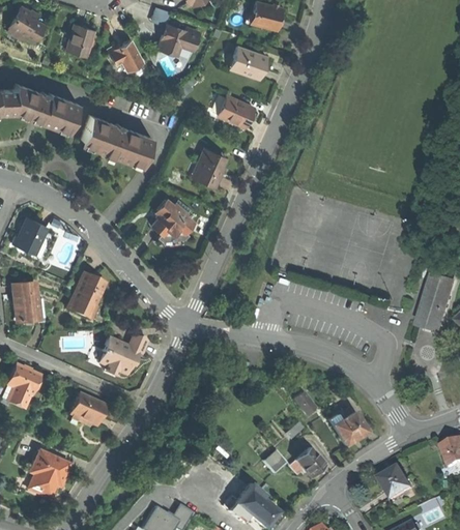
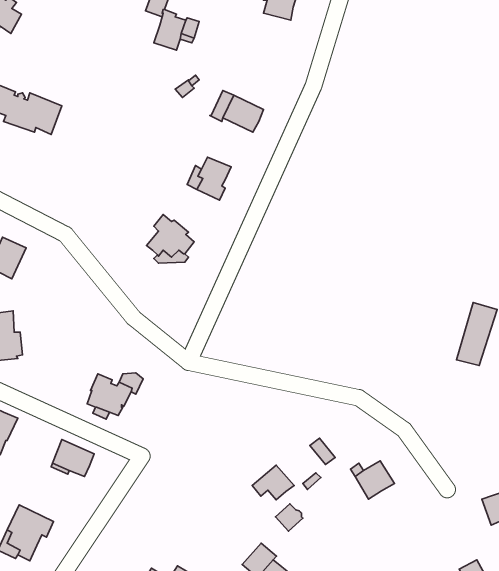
building: [66,24,94,56] -> none
building: [109,40,144,71] -> none
building: [230,47,267,79] -> none
building: [82,116,152,163] -> none
building: [67,273,106,320] -> none
building: [290,448,326,478] -> [252,465,294,500]
building: [382,469,413,500] -> none

